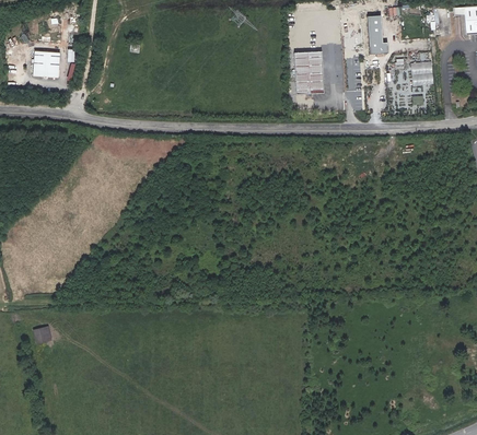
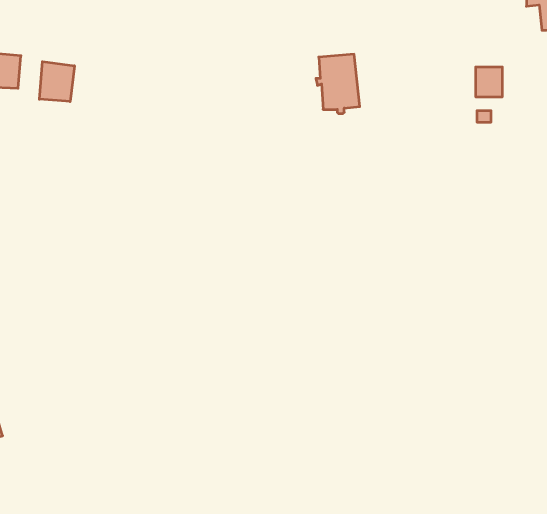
building: [373,14,393,52] -> none
building: none -> [39,62,74,102]

